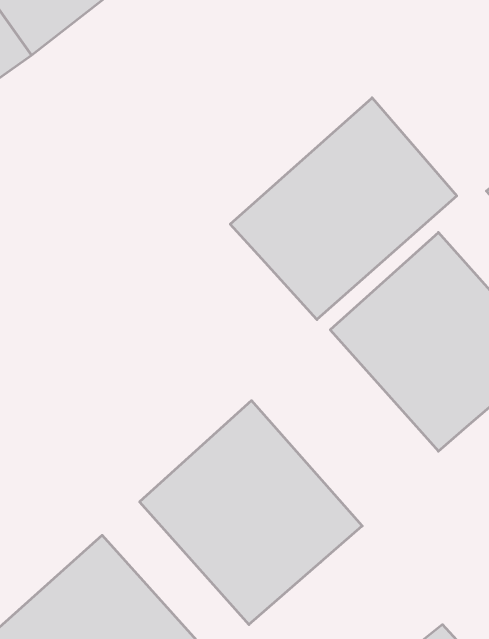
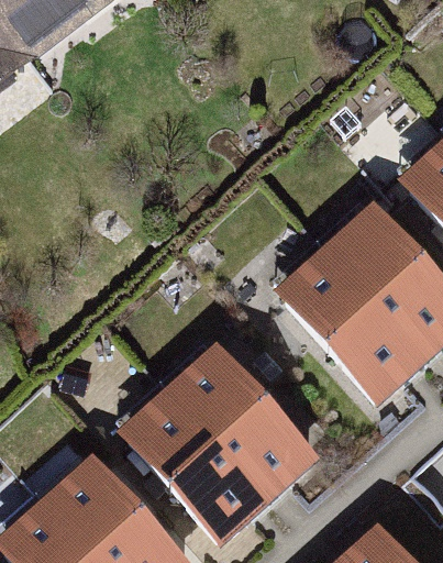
building: [230,98,457,320] -> none

